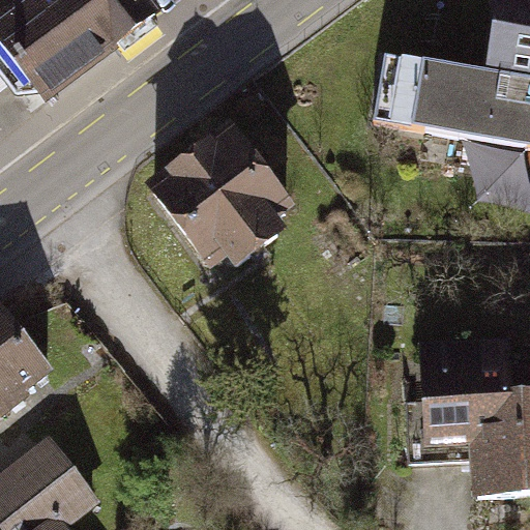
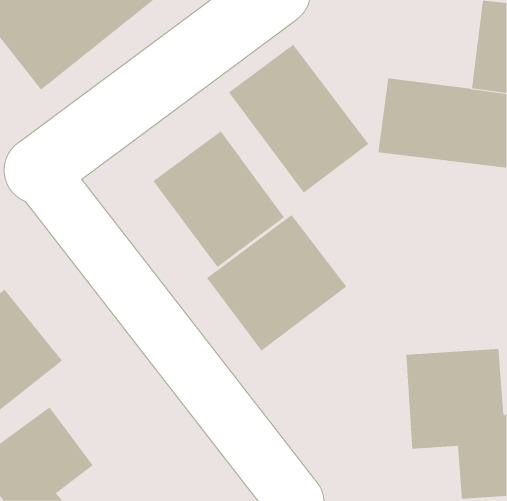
building: none -> [228,44,369,194]
building: none -> [206,214,347,351]

